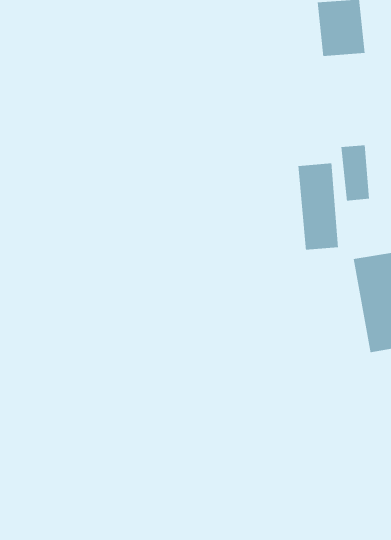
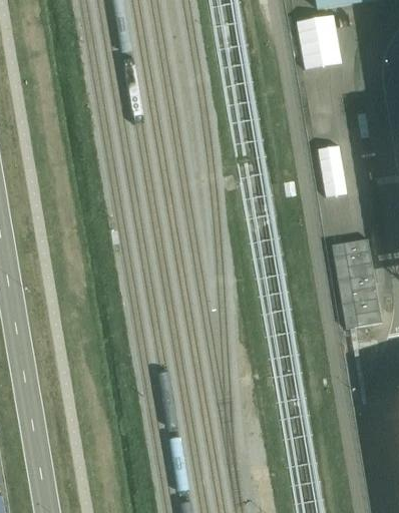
building: [298,162,339,251] -> none

